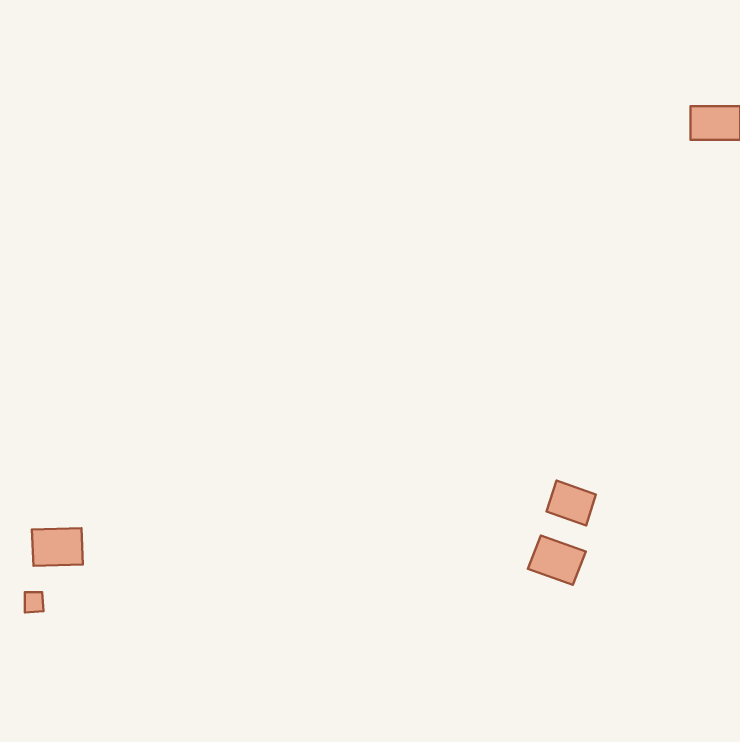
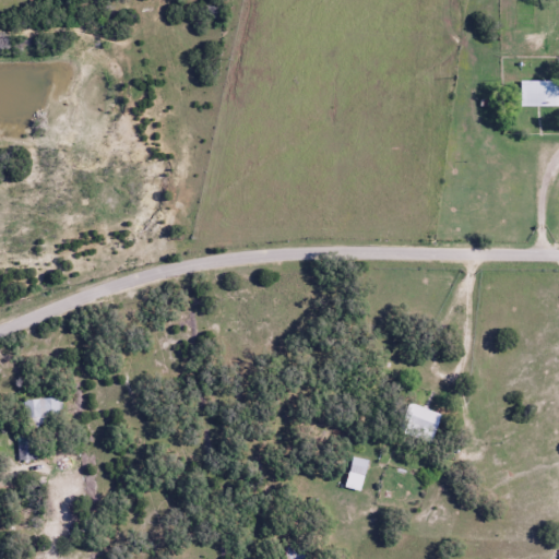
building: [547,480,596,526] -> none
building: none -> [345,455,369,490]

